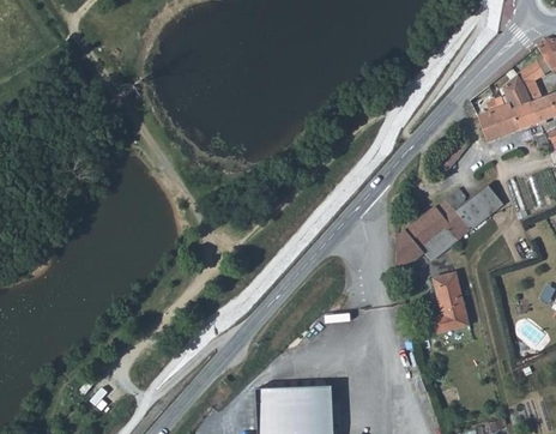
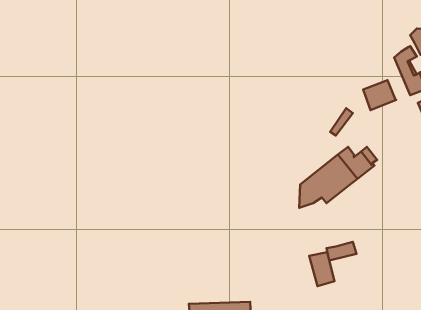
building: [502,74,537,128] -> none
building: [431,272,464,315] -> [309,252,335,286]

